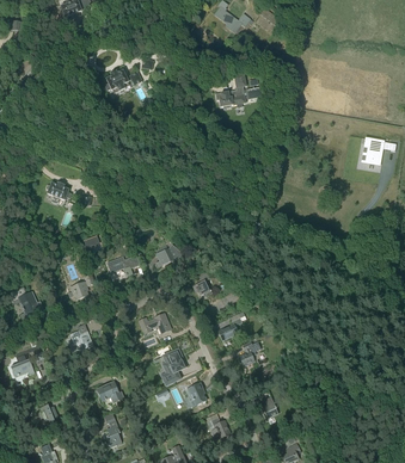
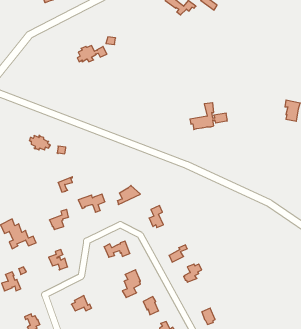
building: [215,73,262,106] -> [190,103,227,130]

